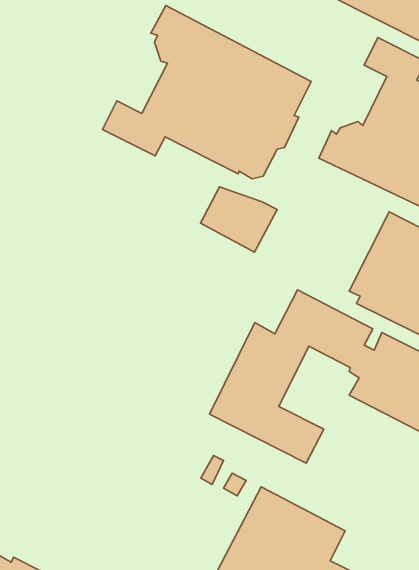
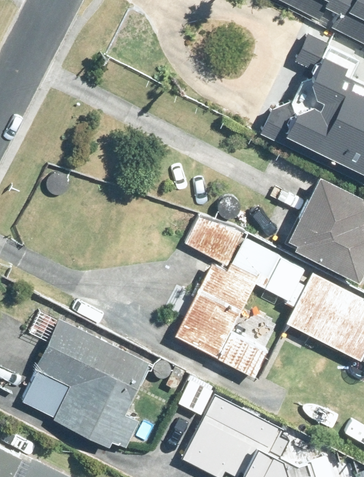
building: [103,6,311,179] -> none
building: [201,187,277,252] -> [186,214,247,266]
building: none -> [23,319,150,447]

